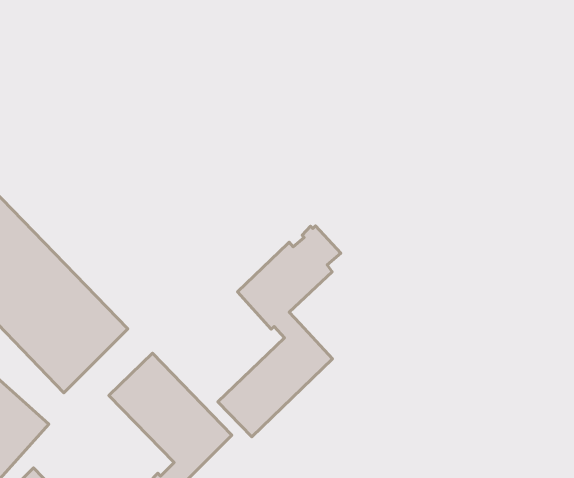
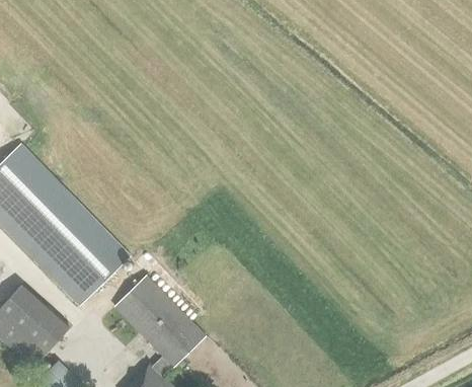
building: [218,226,341,437] -> none

